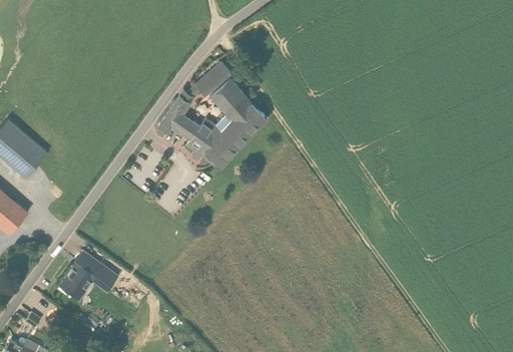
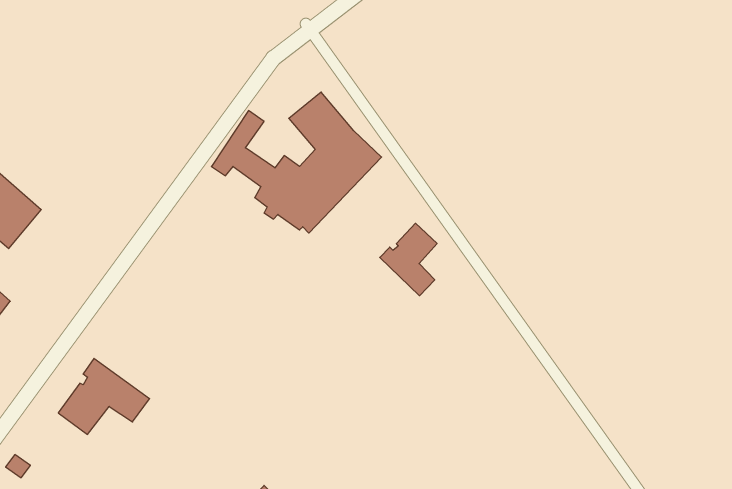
building: [194,61,229,95] -> none
building: none -> [380,223,437,296]

